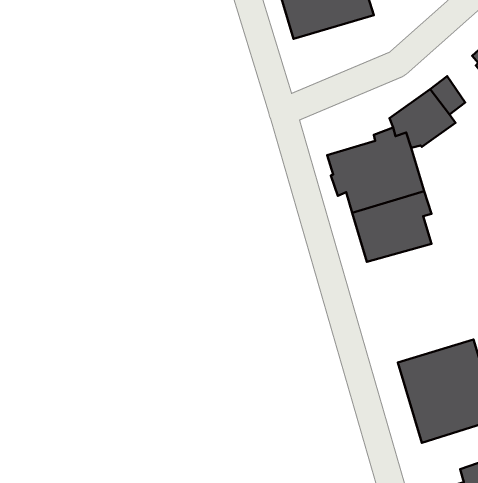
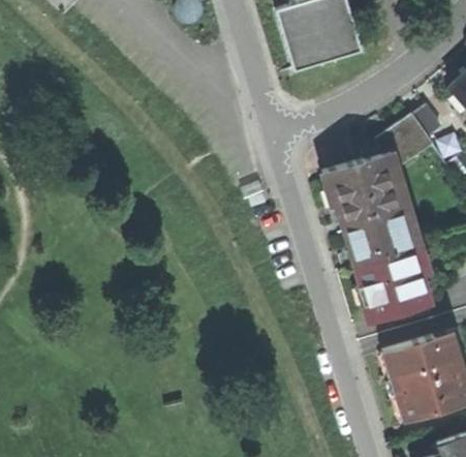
building: none -> [358,246,429,316]

